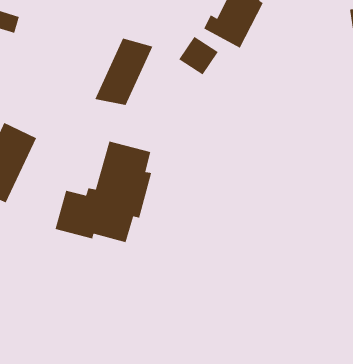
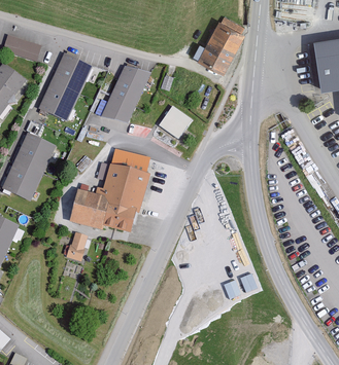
building: none -> [38,53,92,121]
building: [178,36,219,75] -> [161,102,195,135]
building: none -> [66,231,88,261]

